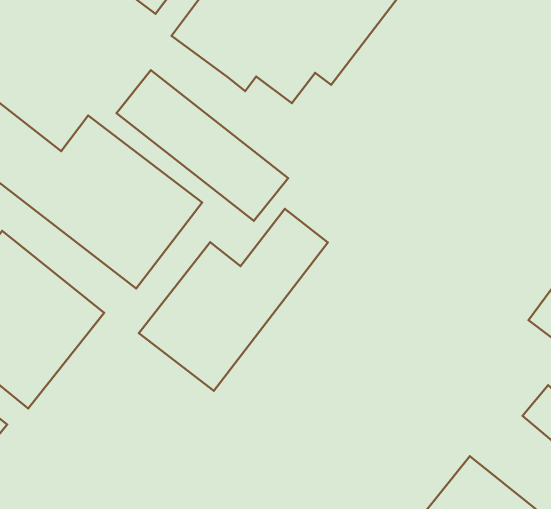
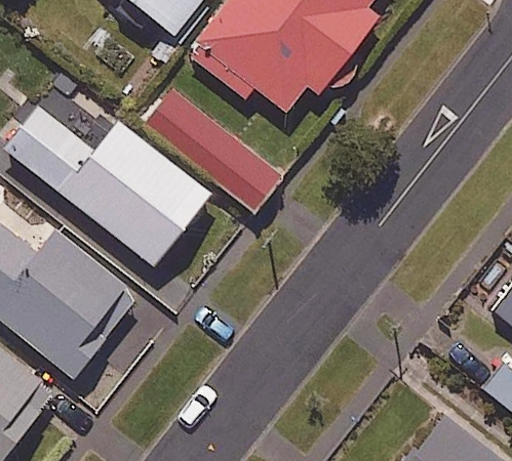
building: [139,209,328,391] -> none

